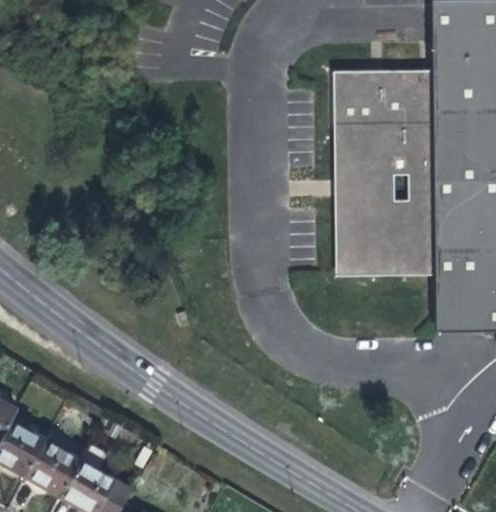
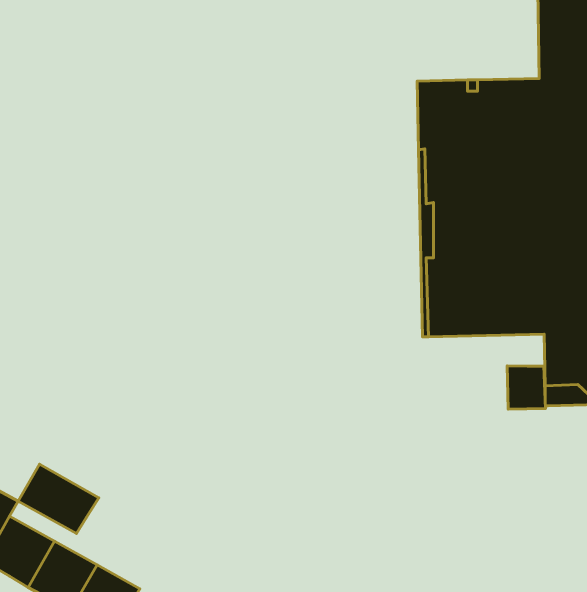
building: none -> [507,366,545,409]
building: none -> [18,464,99,533]

